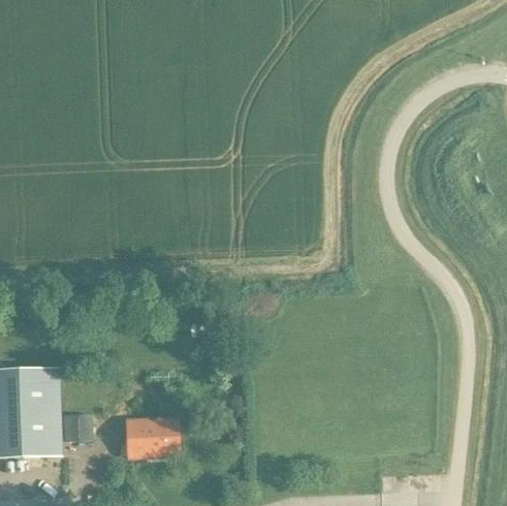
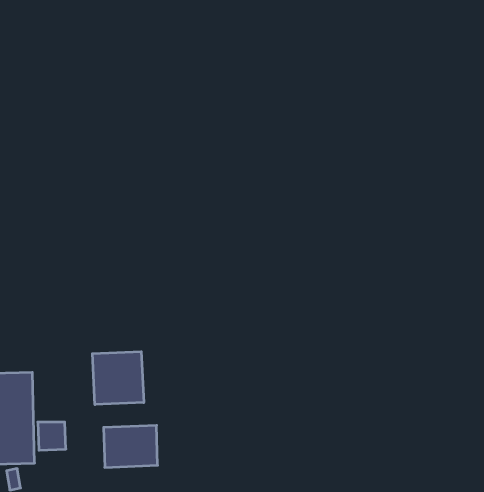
building: none -> [92,352,144,405]

